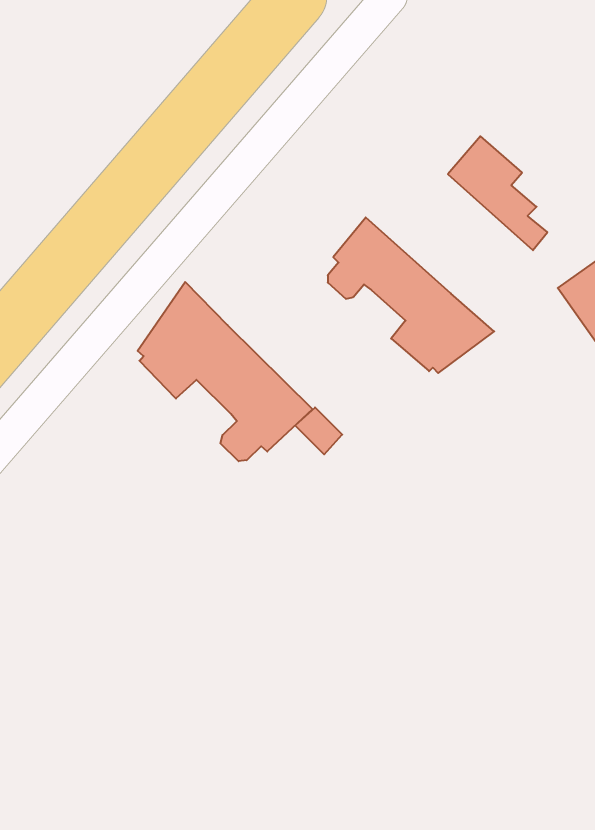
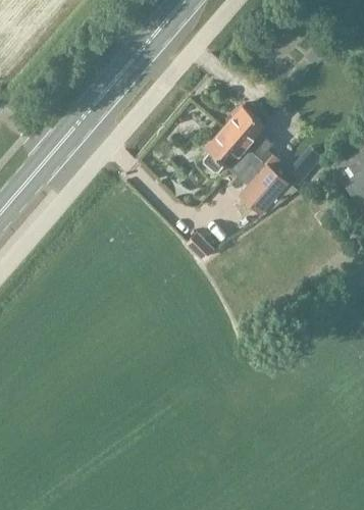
building: [448,136,547,250] -> [224,105,280,169]
building: [138,282,313,461] -> none

